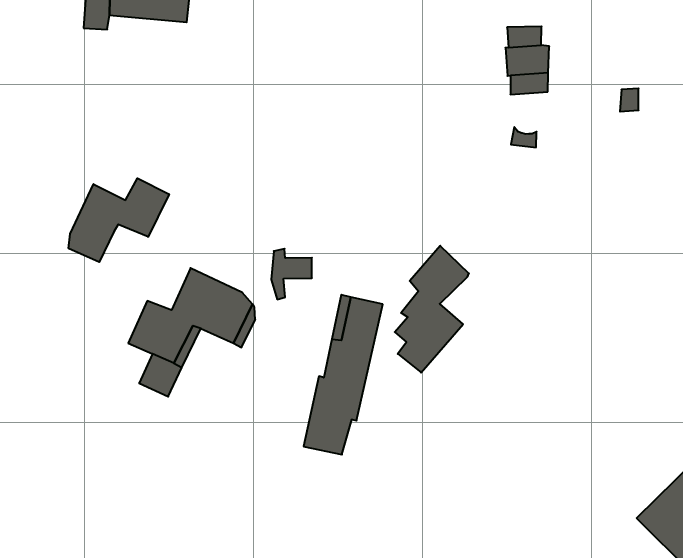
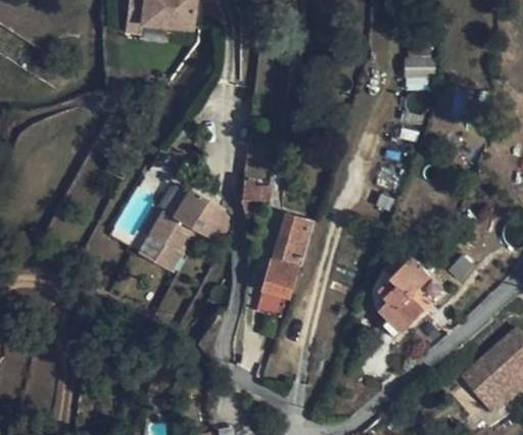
building: [69,178,169,262] -> none
building: [395,246,469,373] -> [378,256,429,338]

